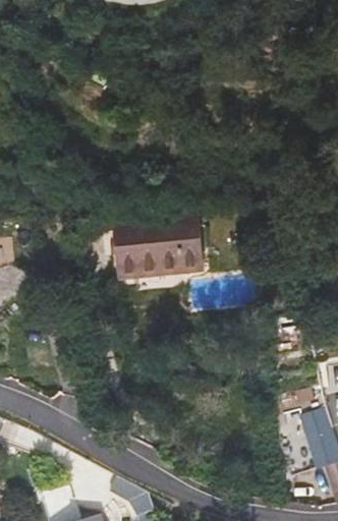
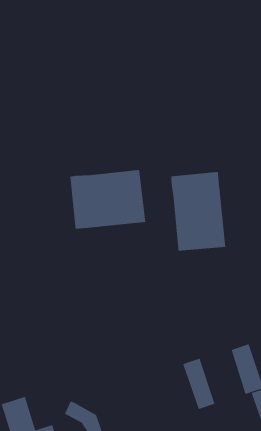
building: none -> [171,171,226,251]
building: none -> [182,358,215,410]

